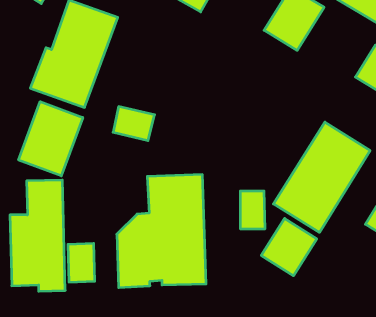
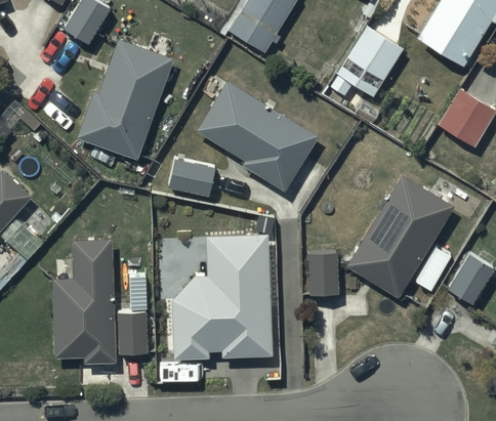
building: none -> [198,83,318,192]
building: [19,102,83,176] -> none
building: [261,218,317,276] -> none

